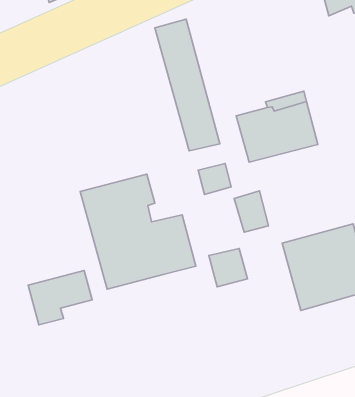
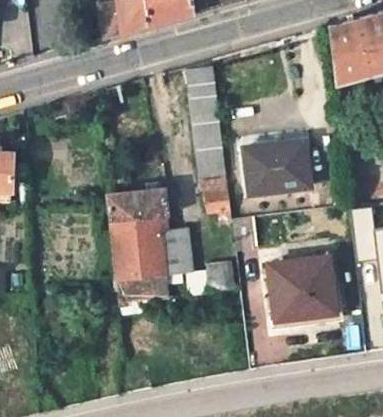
building: [28,271,92,325] -> [117,274,168,313]

